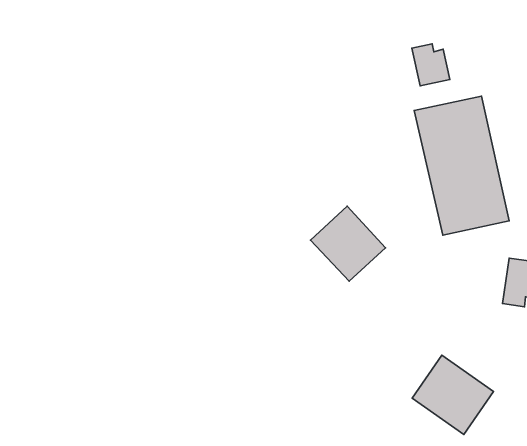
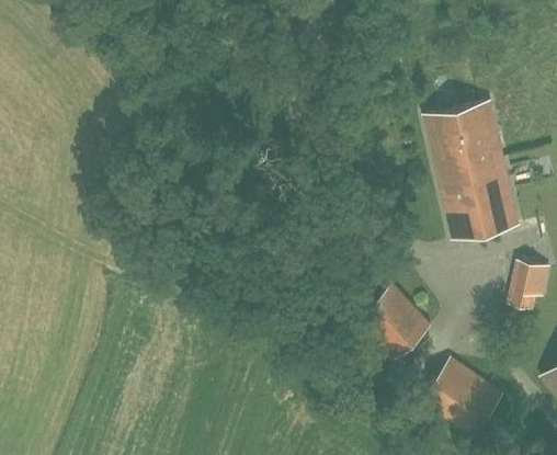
building: [412,44,450,86] -> none
building: [311,206,386,281] -> [356,284,431,359]

